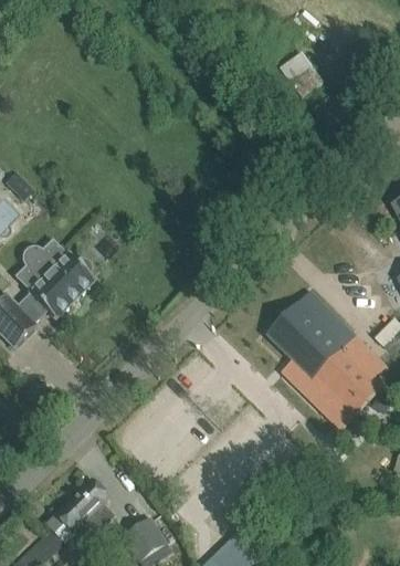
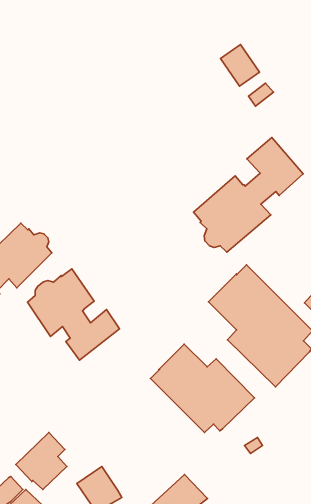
building: none -> [193,137,303,252]
building: none -> [28,269,120,360]
building: none -> [151,344,254,432]

